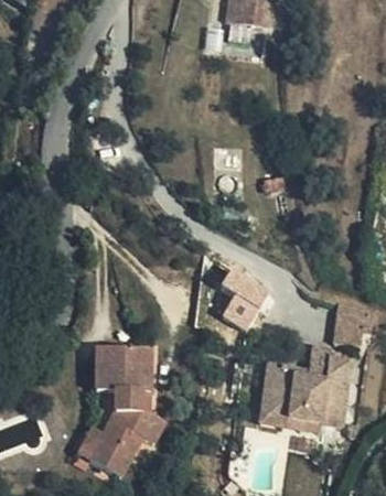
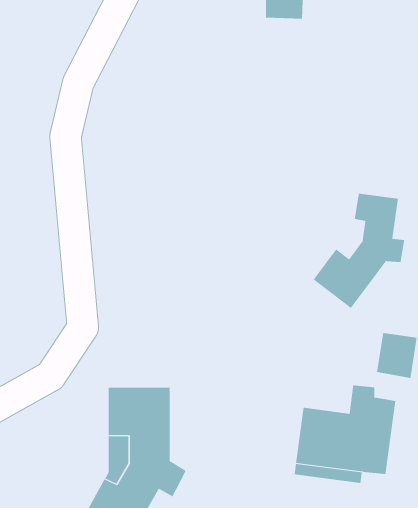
building: none -> [313,193,405,309]
building: [223,262,272,327] -> none

